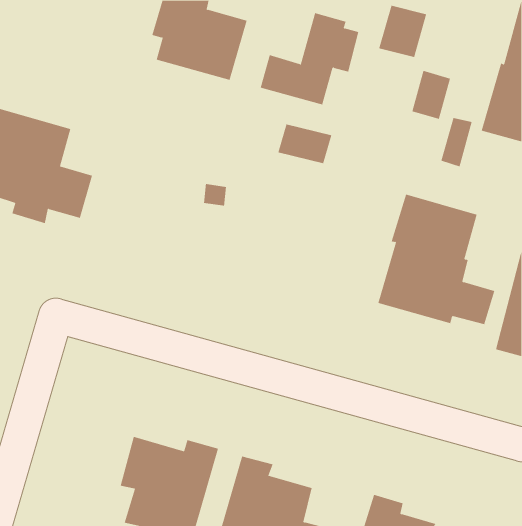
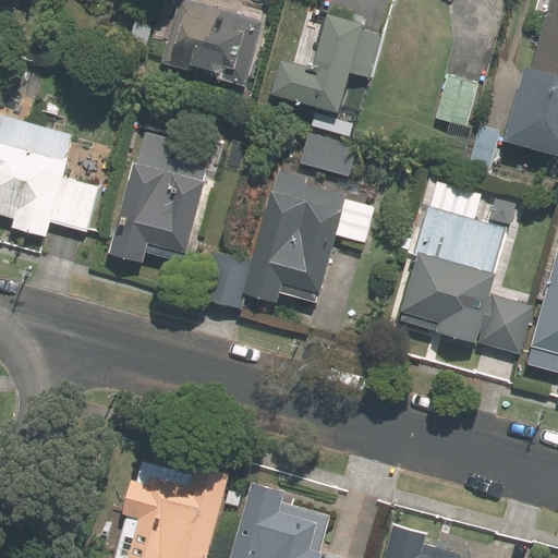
building: [379,5,427,58] -> none
building: none -> [111,133,208,263]
building: none -> [194,169,337,307]

